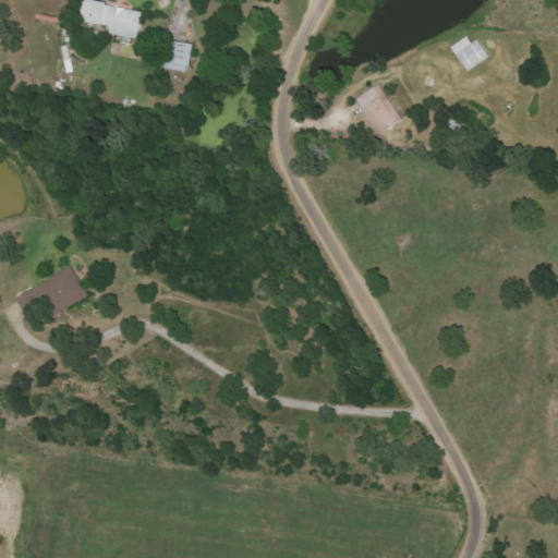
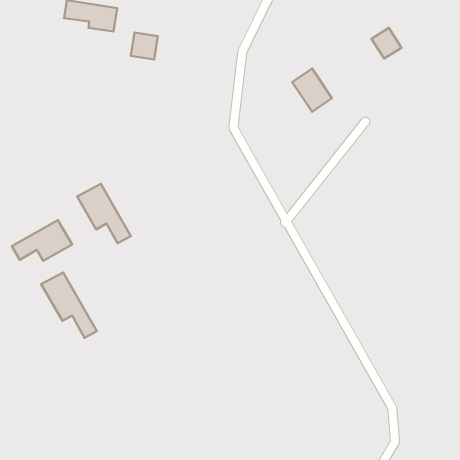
building: none -> [77,184,131,243]
building: none -> [41,272,97,338]

